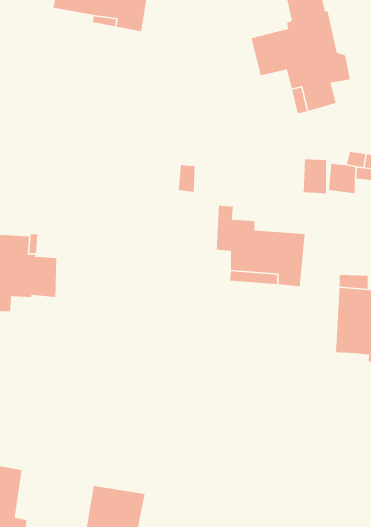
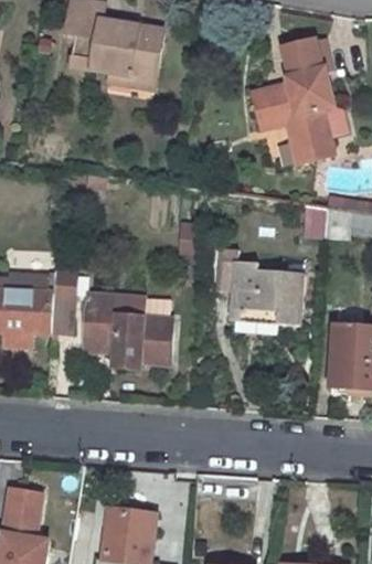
building: none -> [86,294,171,362]

